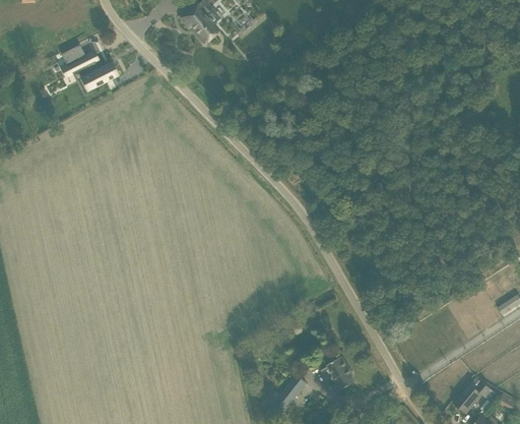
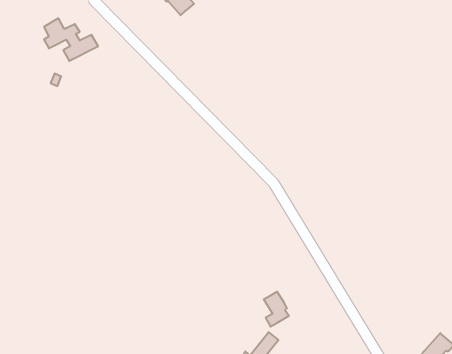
building: [328,357,354,393] -> [264,292,289,327]

